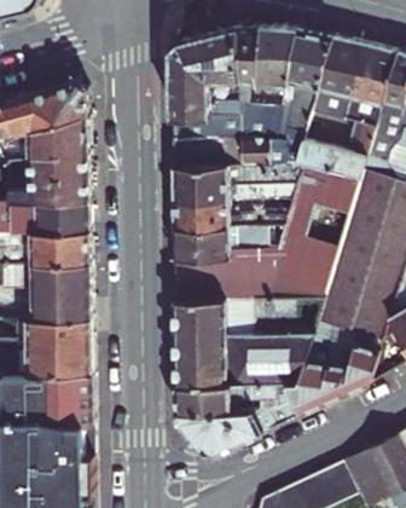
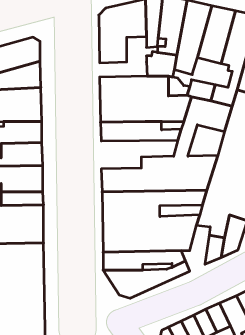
building: [172,80,239,138] -> none
building: [174,227,283,269] -> none
building: [288,348,329,414] -> none

